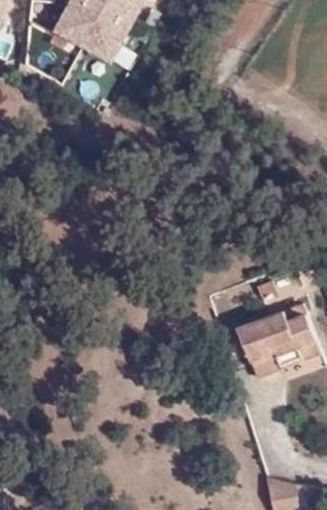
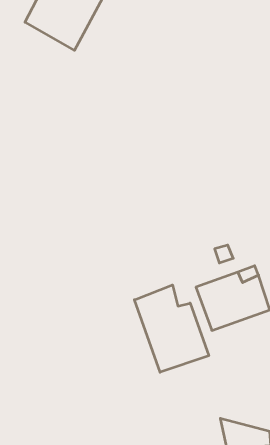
building: none -> [134,285,209,372]

